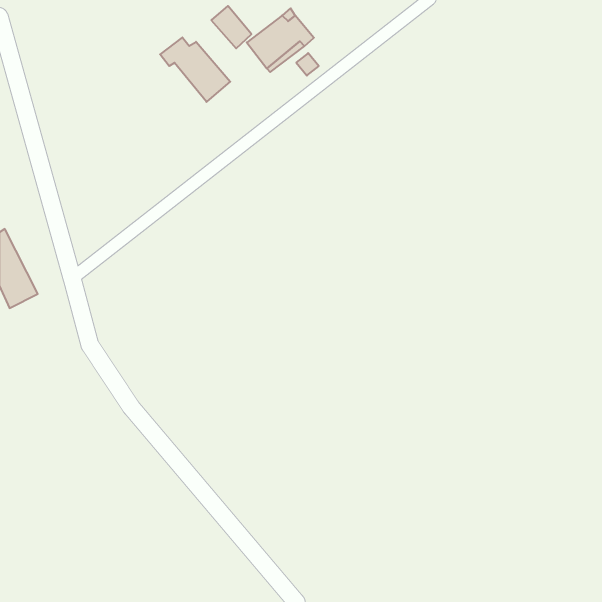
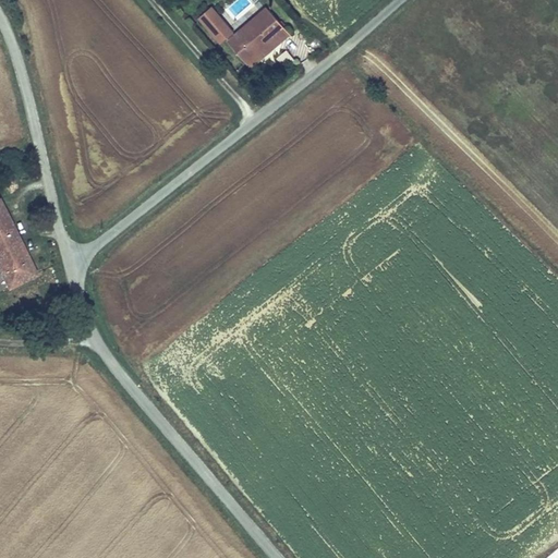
building: [160,37,230,102] -> none

